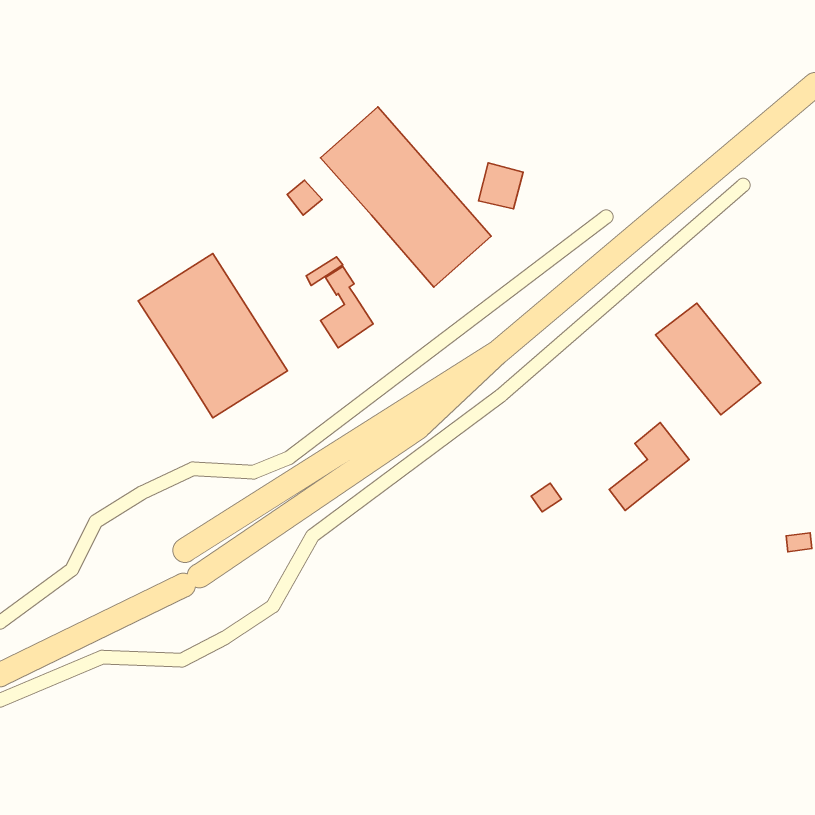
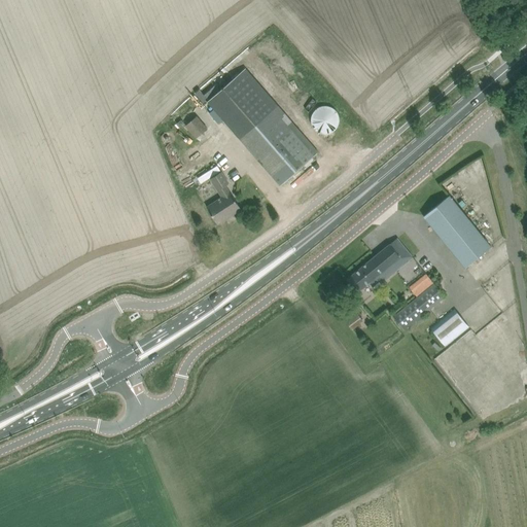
building: [138,254,288,418] -> none
building: none -> [347,238,413,292]
building: none -> [431,309,469,347]

